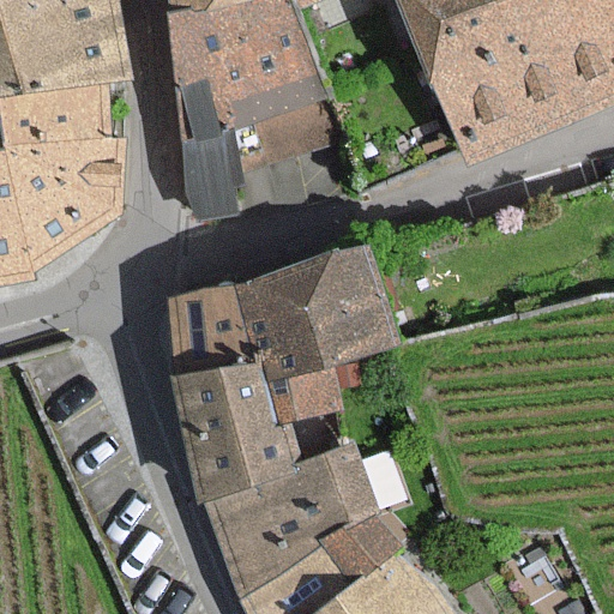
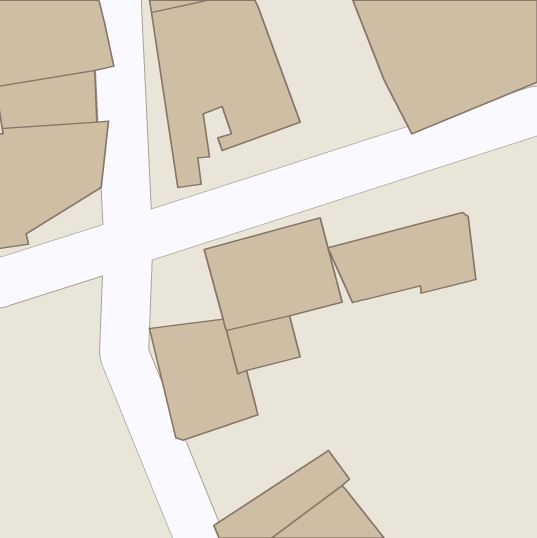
building: none -> [328,213,476,303]
building: [170,284,254,374] -> none
building: [209,447,374,598] -> none

